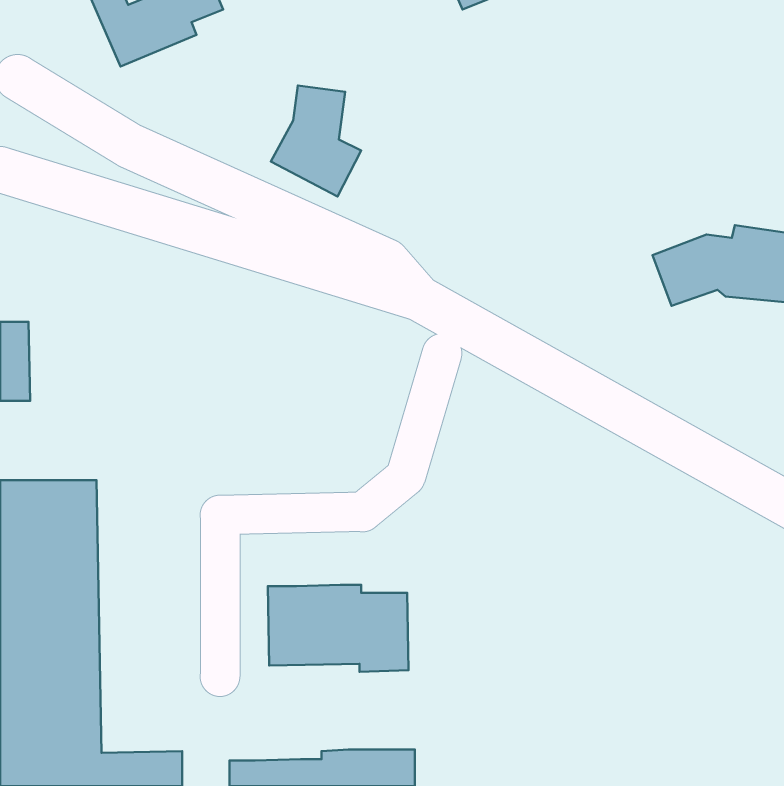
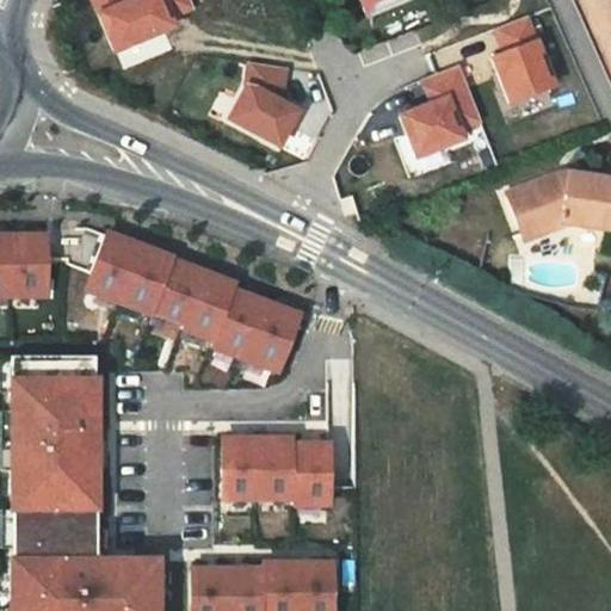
building: none -> [496,14,556,100]
building: none -> [399,66,479,155]
building: none -> [82,239,296,372]

